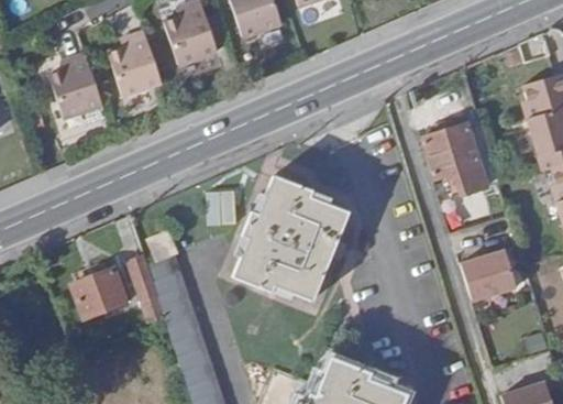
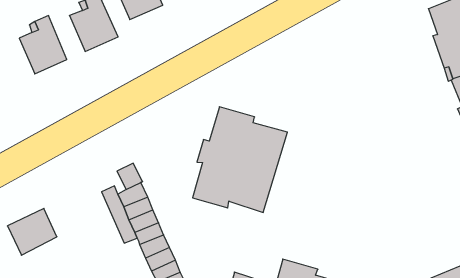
building: [421,121,499,195] -> none
building: [461,250,517,302] -> none
building: [70,267,126,319] -> [7,208,57,255]

